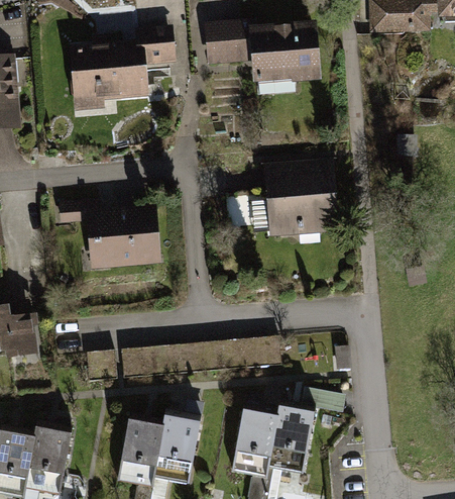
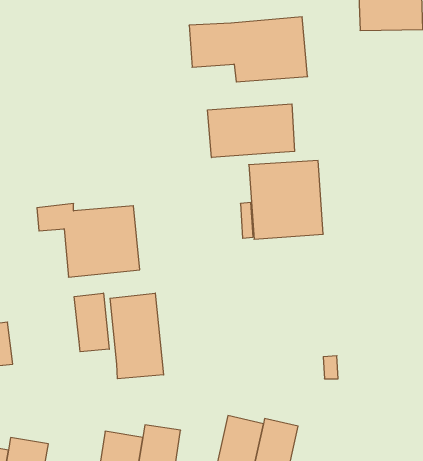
building: [69,30,177,115] -> none
building: none -> [208,104,295,158]
building: none -> [110,293,164,379]
building: none -> [74,293,109,352]

